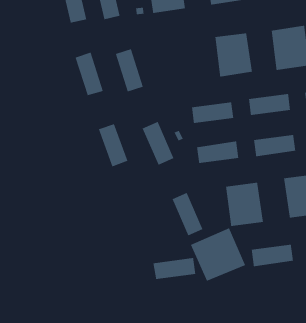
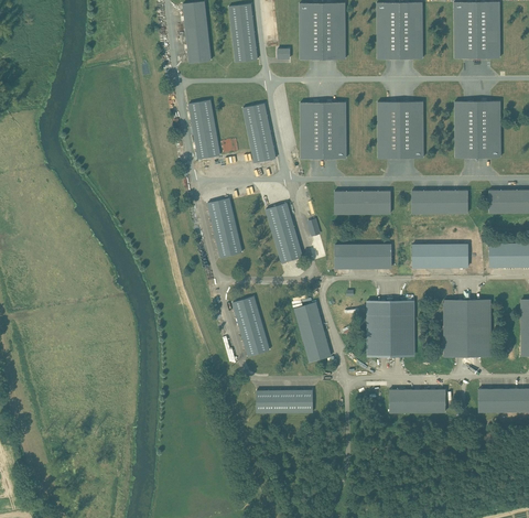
building: none -> [300,104,345,159]
building: none -> [233,298,271,357]
building: [190,227,246,282] -> none

